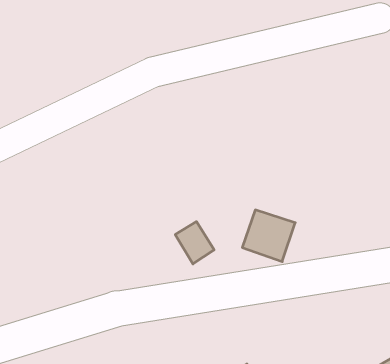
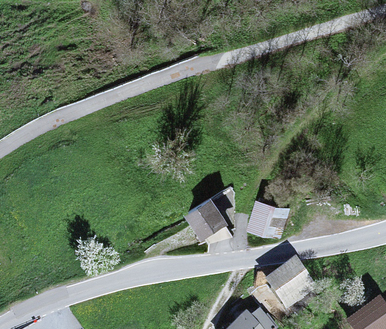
building: none -> [268,261,311,303]

